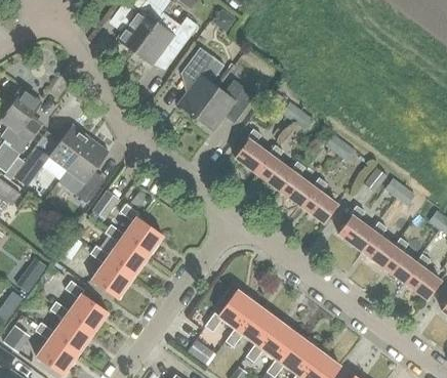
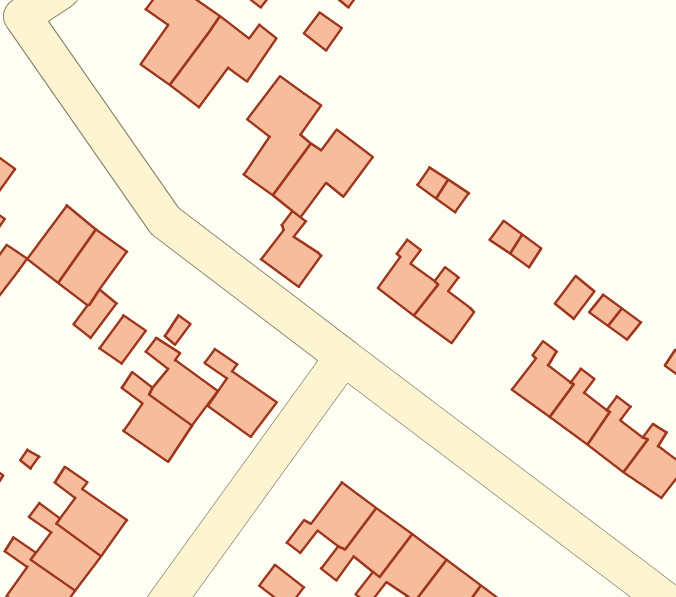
building: [236,129,272,174] -> [261,211,321,287]
building: [302,178,338,223] -> none
building: [90,246,133,298] -> [205,349,277,437]

